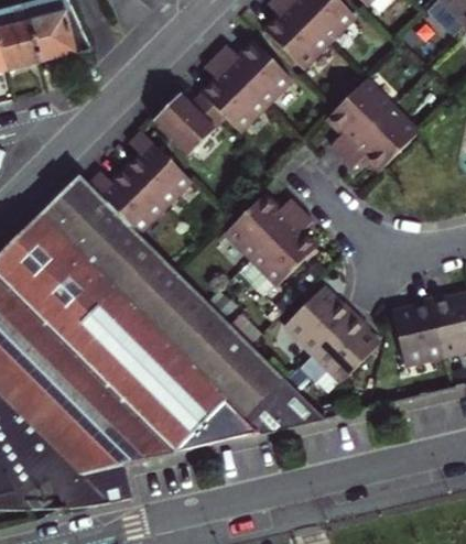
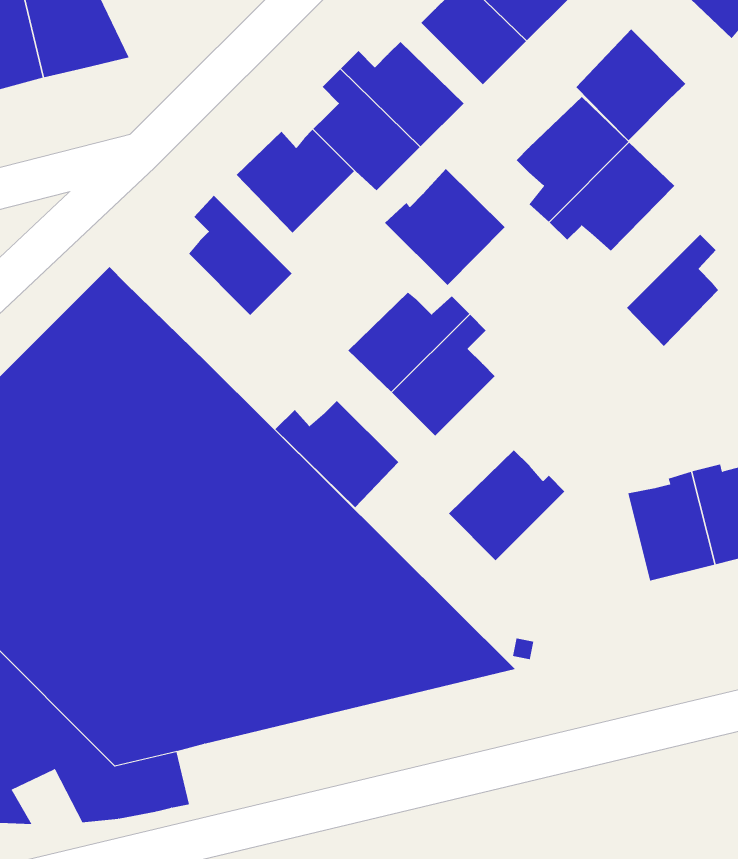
building: none -> [576,29,686,141]
building: none -> [384,168,506,286]
building: none -> [626,234,719,347]
building: [88,168,163,233] -> [275,400,399,508]
building: [297,312,377,381] -> none

